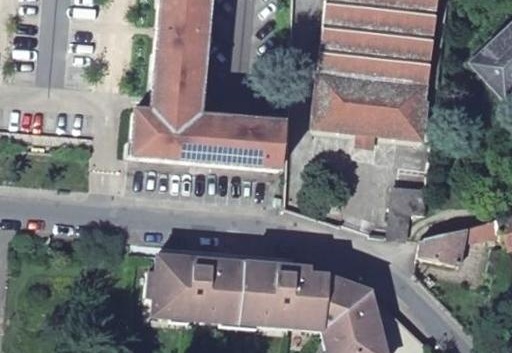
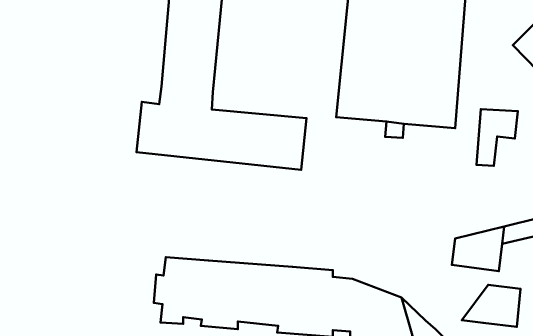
building: [390,186,428,238] -> [476,109,518,166]
building: none -> [462,285,520,327]

